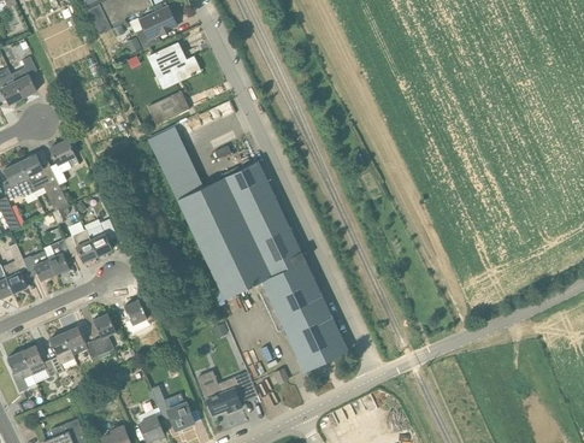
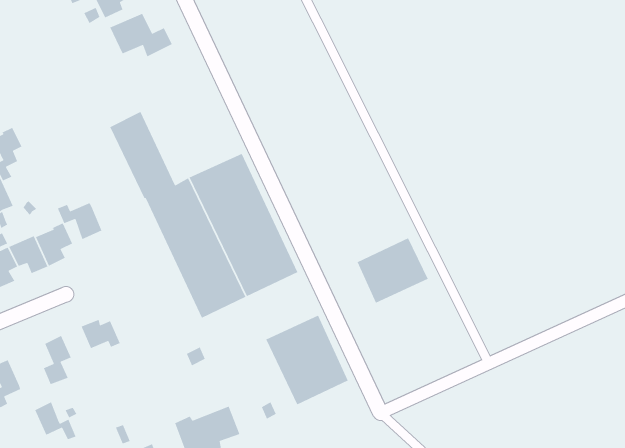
building: [147,91,188,125] -> none
building: none -> [57,202,102,240]
building: [261,261,322,317] -> [357,237,429,304]
building: [63,326,98,359] -> [34,401,76,440]

